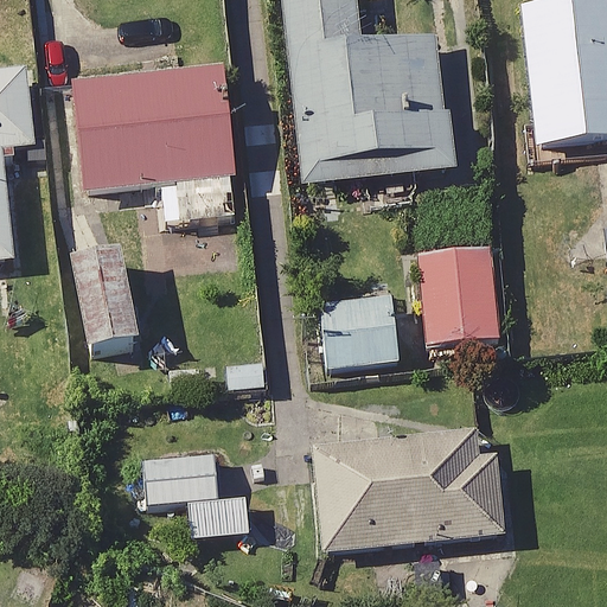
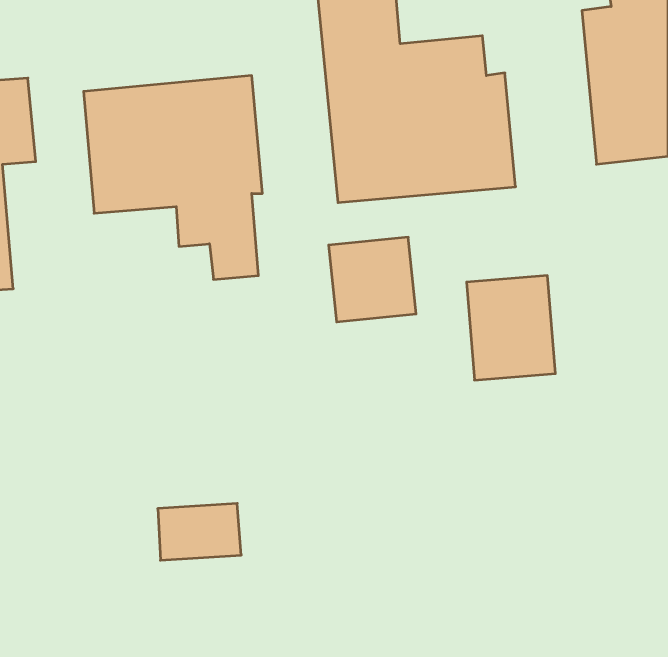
building: [76,257,143,357] -> none
building: [319,293,397,369] -> [329,237,416,322]
building: [312,427,501,552] -> none

